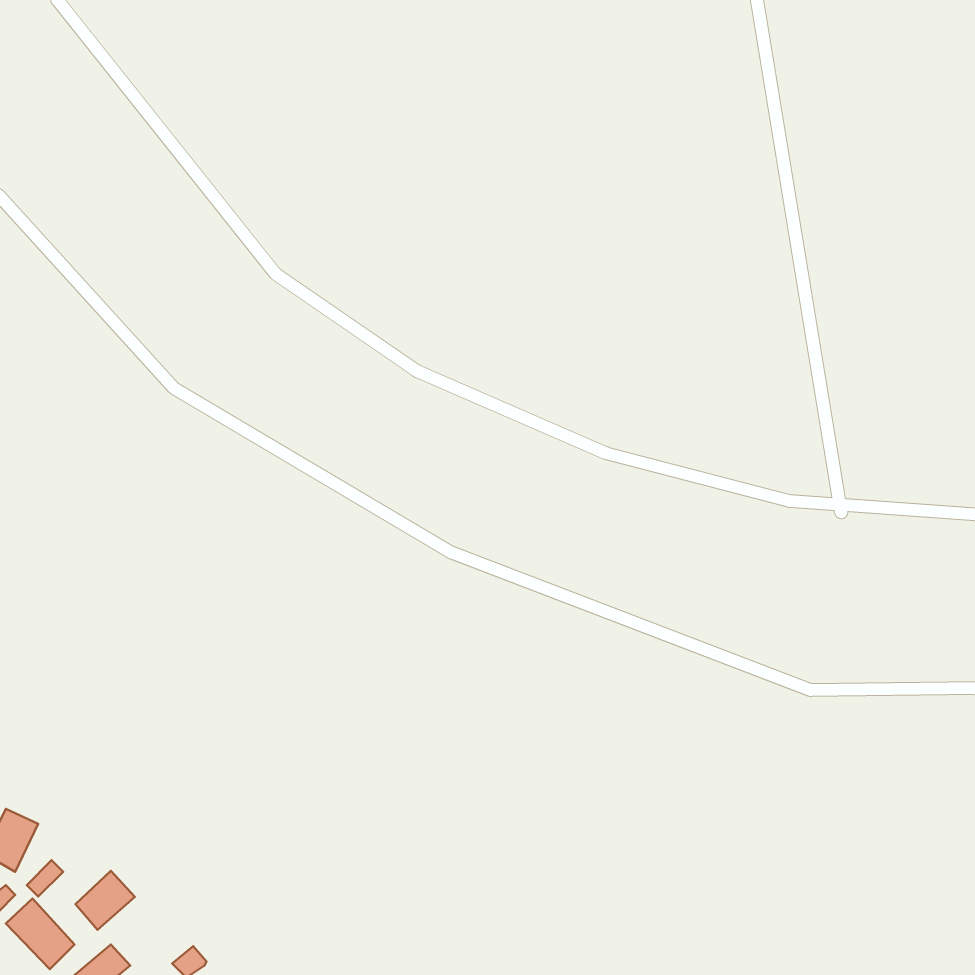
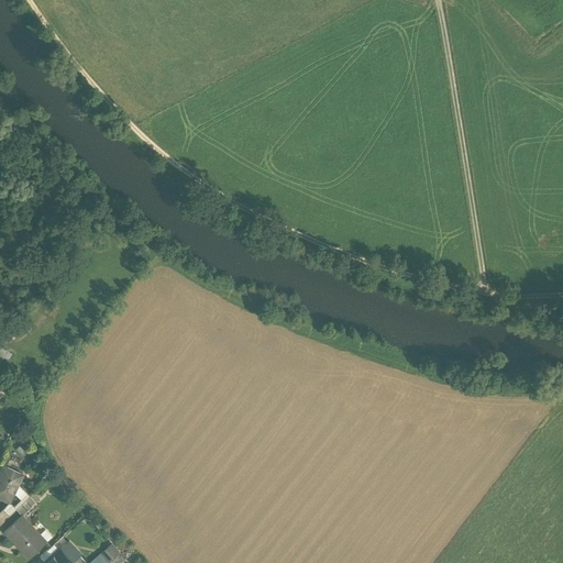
building: [75,871,135,930] -> none

